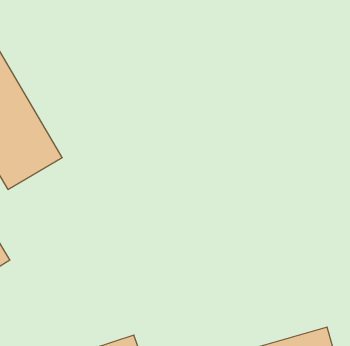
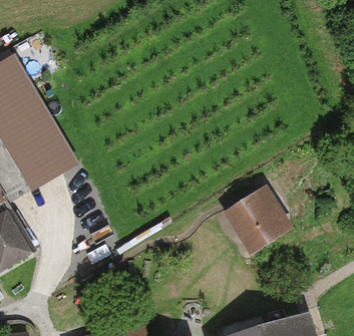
building: none -> [225,189,293,256]

